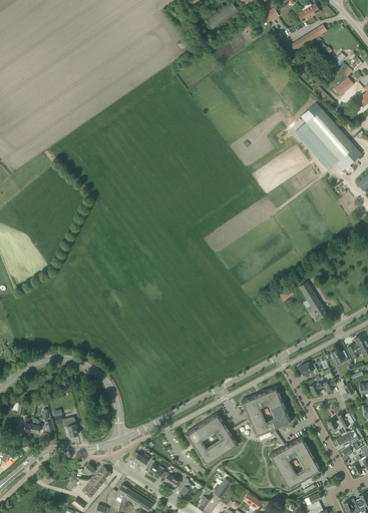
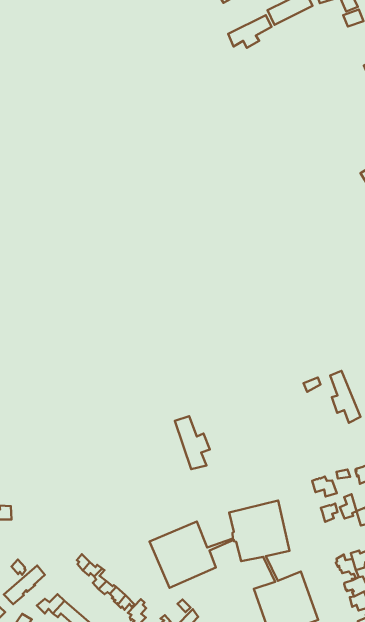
building: none -> [228,15,272,48]
building: none -> [175,416,210,469]

